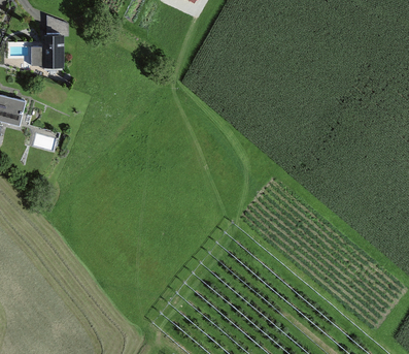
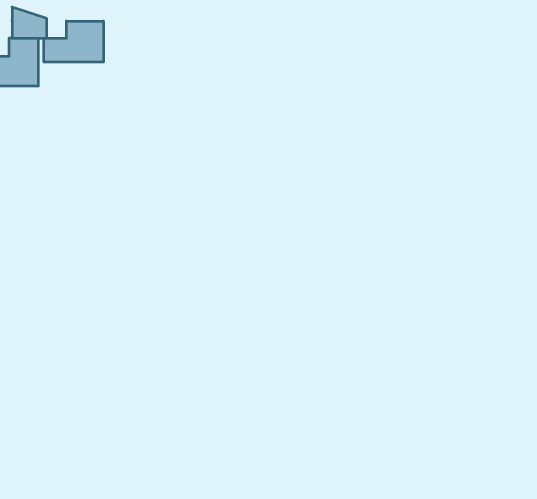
building: none -> [44,21,103,62]

